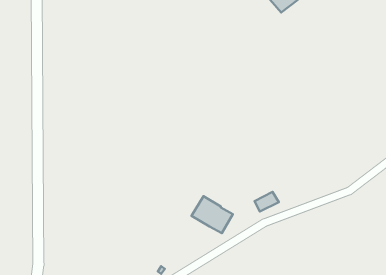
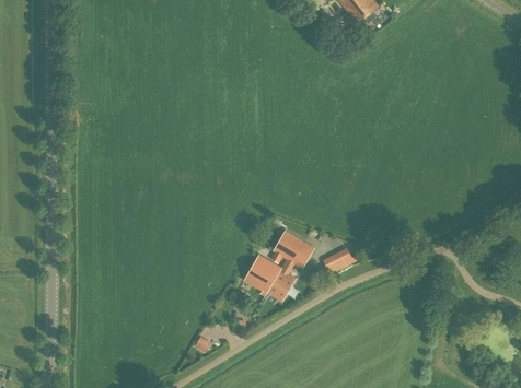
building: none -> [271,230,315,268]

